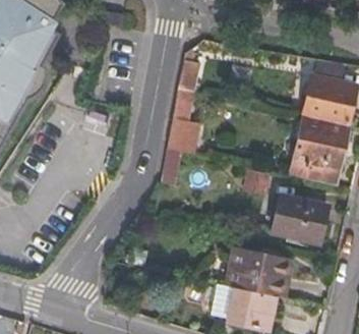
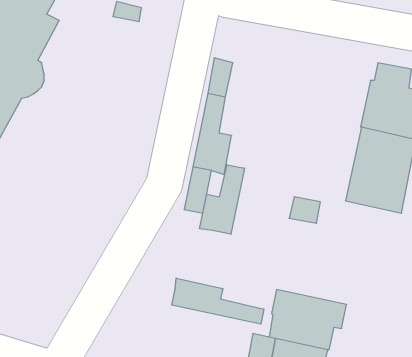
building: none -> [200,165,245,234]
building: [273,194,327,242] -> none
building: none -> [172,278,264,324]

